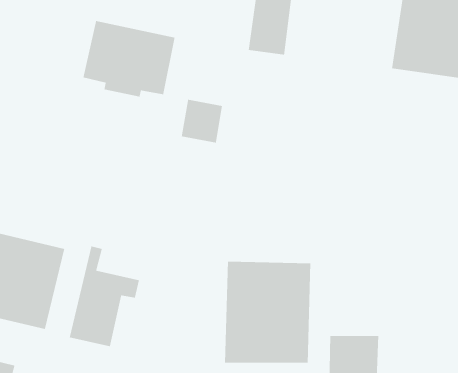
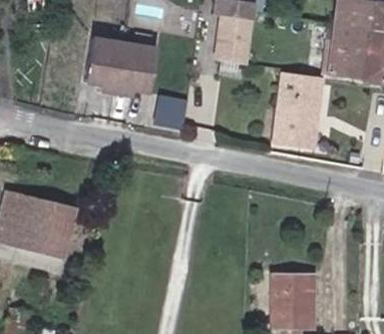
building: none -> [271,75,317,145]
building: [69,246,140,347] -> none
building: [224,261,311,364] -> none

